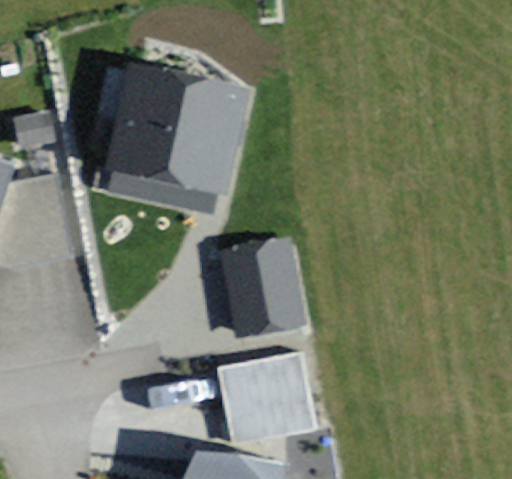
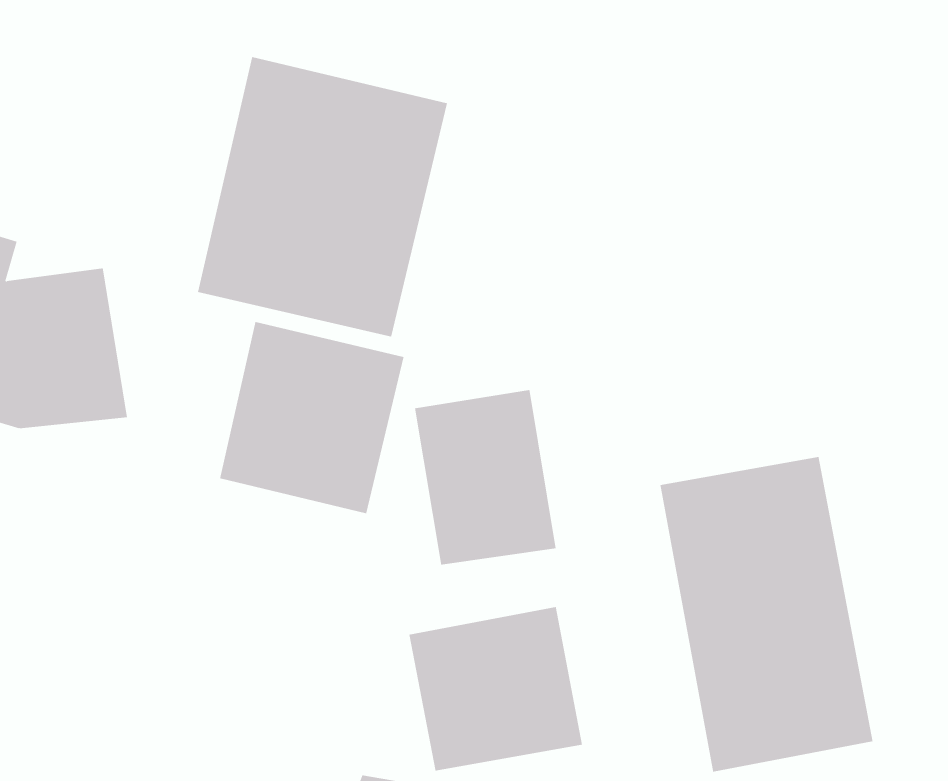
building: none -> [219,321,404,514]
building: none -> [660,456,873,772]

